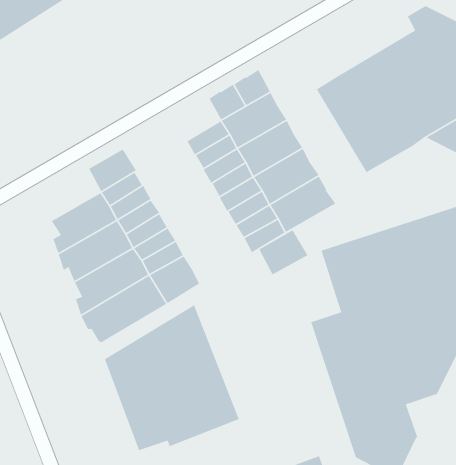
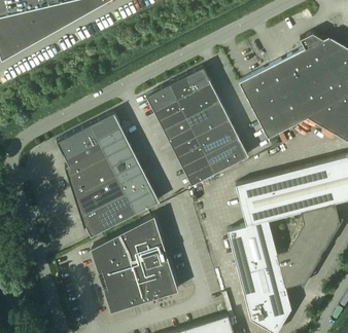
building: none -> [146,85,177,112]
building: none -> [57,125,98,157]
building: [259,229,309,275] -> none

